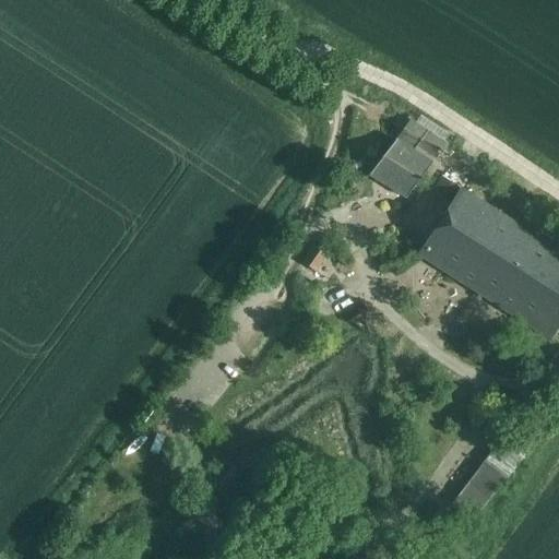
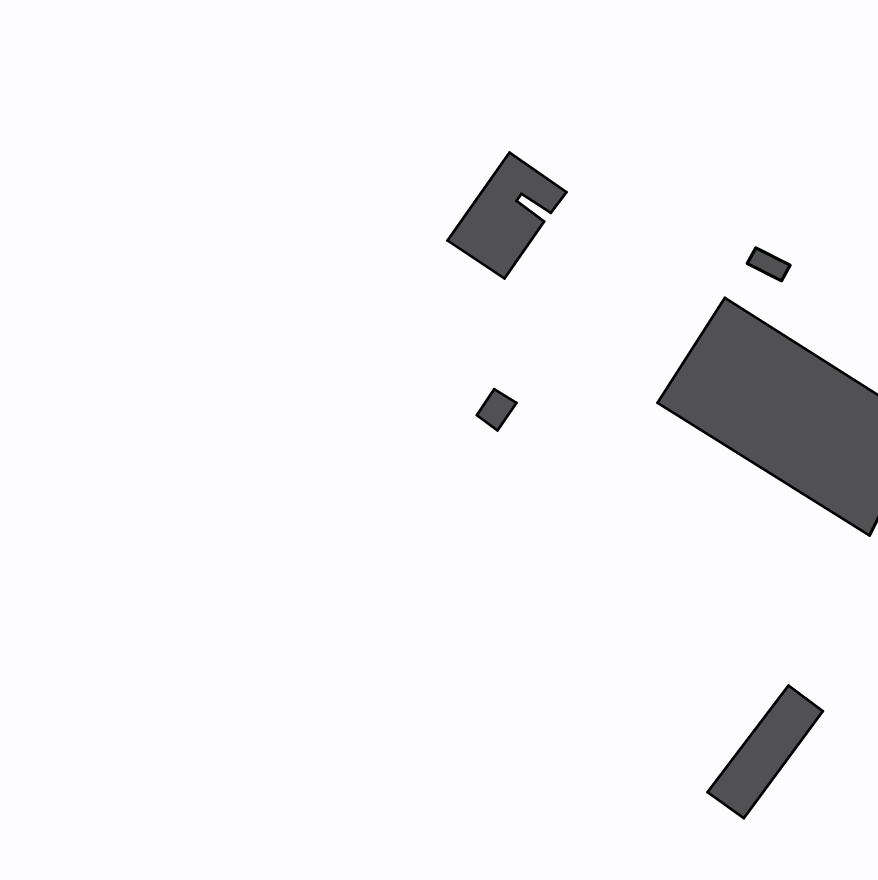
building: [371,120,447,200] -> [448,153,566,278]

